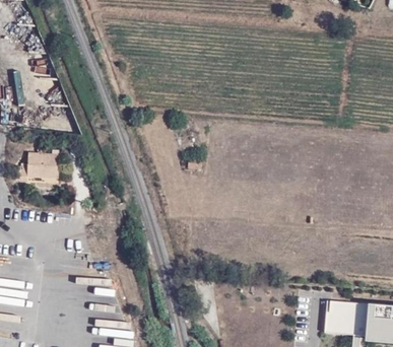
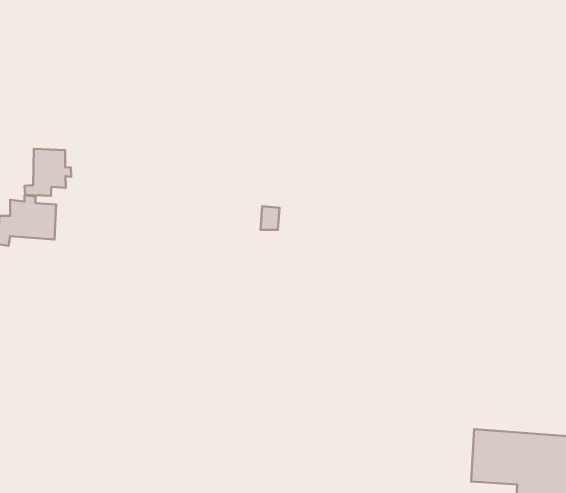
building: none -> [24,149,71,196]

